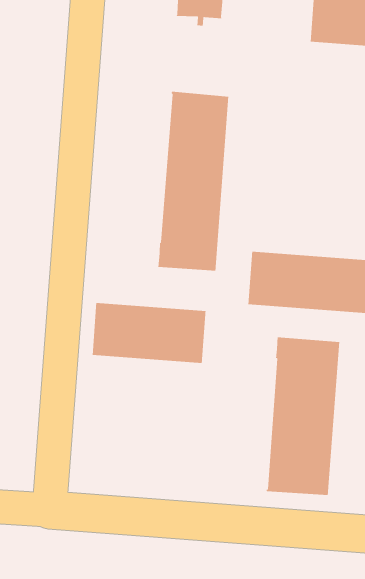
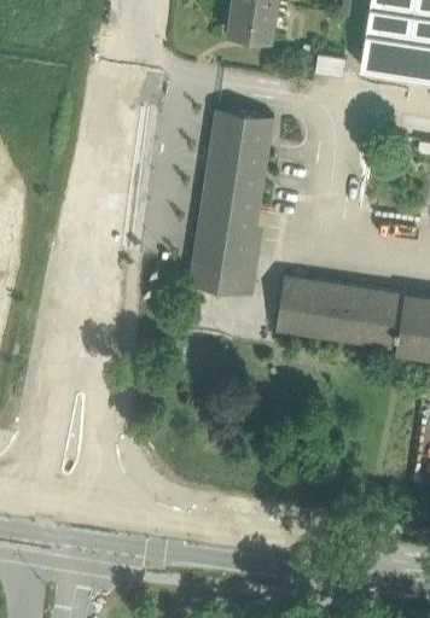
building: [92,302,207,364] -> none
building: [266,336,340,496] -> none

